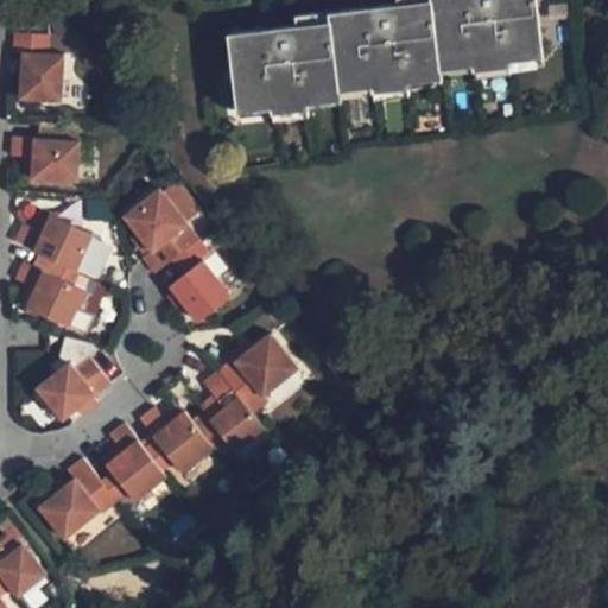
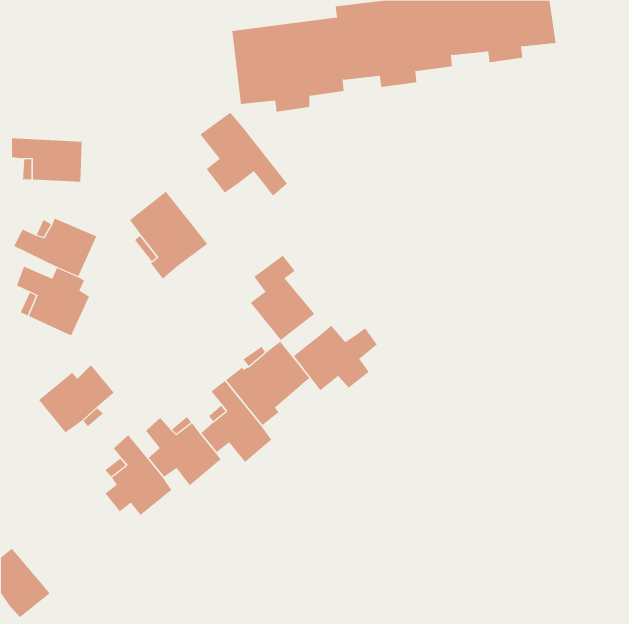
building: [12,33,63,101] -> none
building: none -> [200,112,288,197]
building: [169,240,232,323] -> [250,255,315,341]
building: none -> [293,325,378,391]
building: [38,458,118,540] -> none

